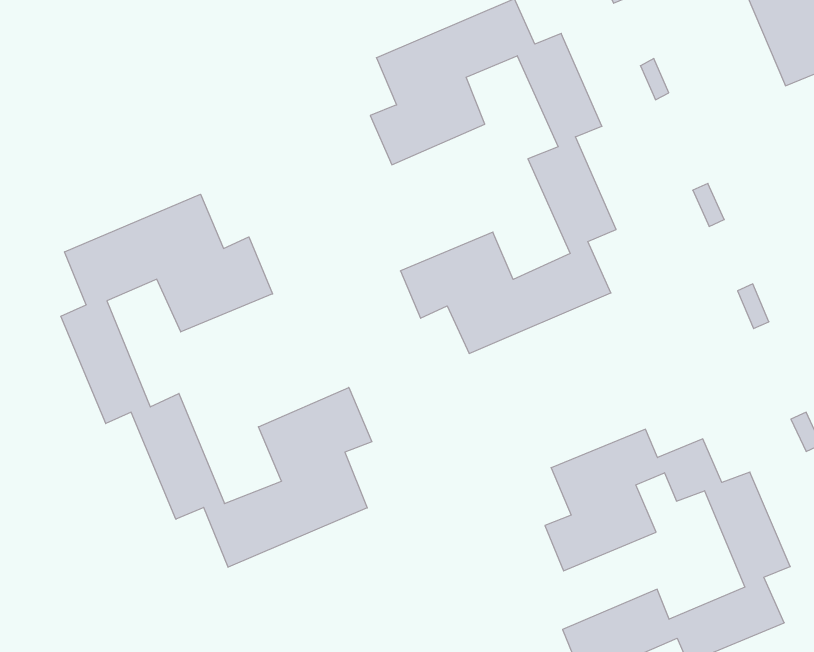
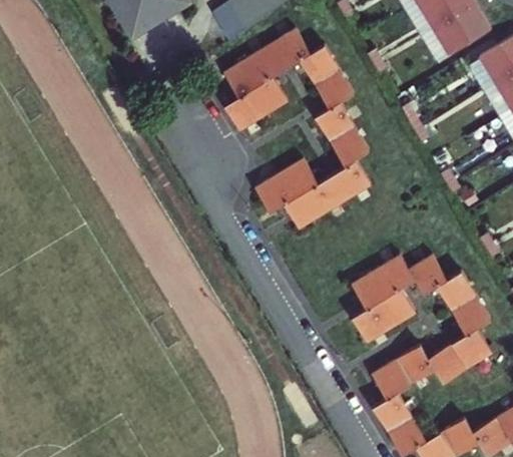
building: [61,194,372,567] -> none

